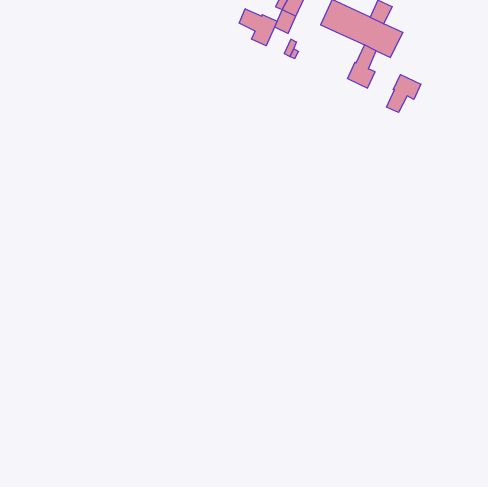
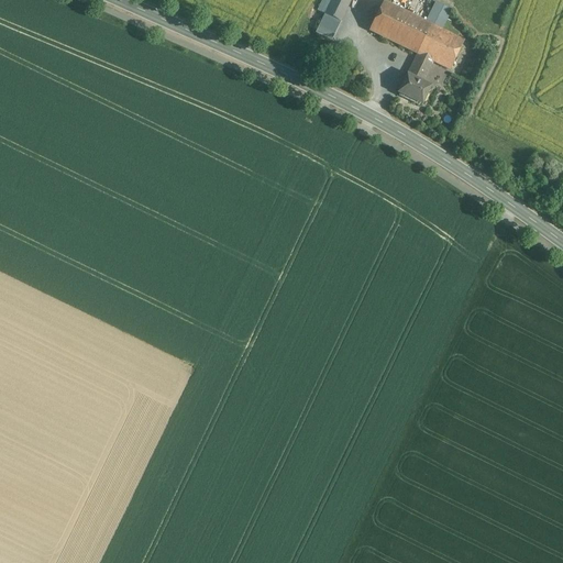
building: [239,9,277,46] -> none
building: [387,75,421,112] -> none

